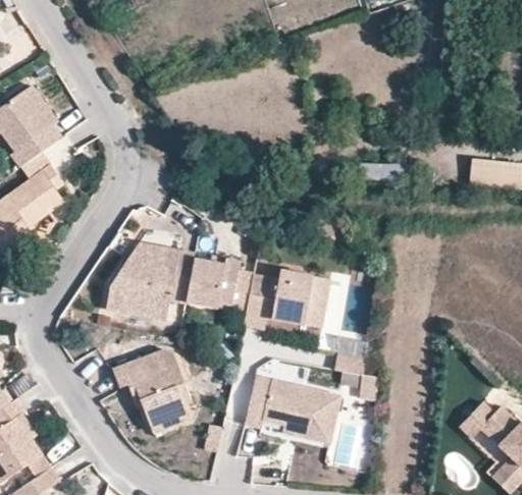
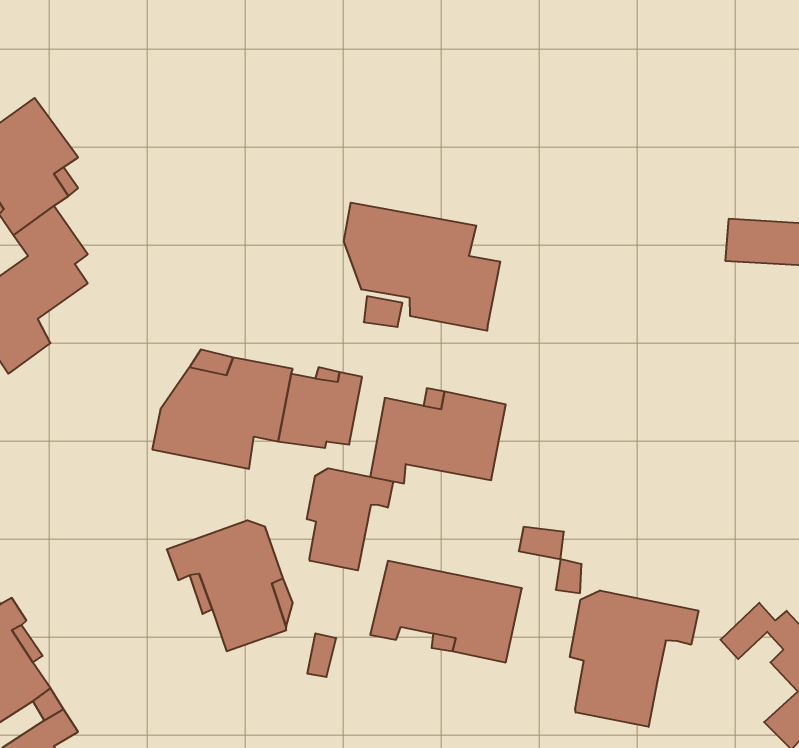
building: none -> [344,203,500,331]
building: none -> [307,468,393,570]
building: none -> [570,590,698,727]

